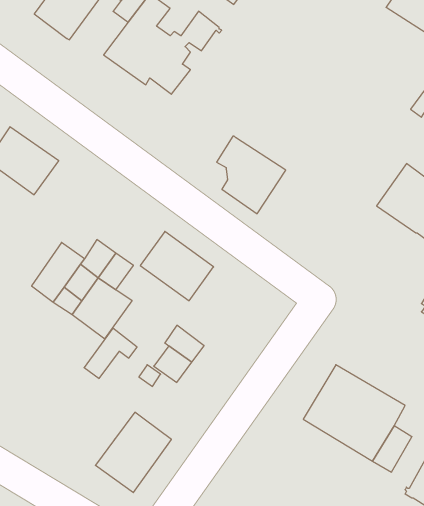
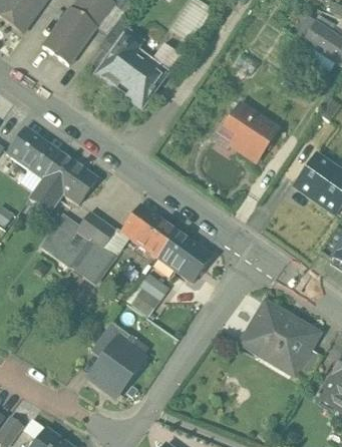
building: [217,136,286,214] -> [226,103,277,160]
building: none -> [28,152,96,211]
building: none -> [156,231,211,281]
building: [84,328,137,378] -> [90,321,129,358]

